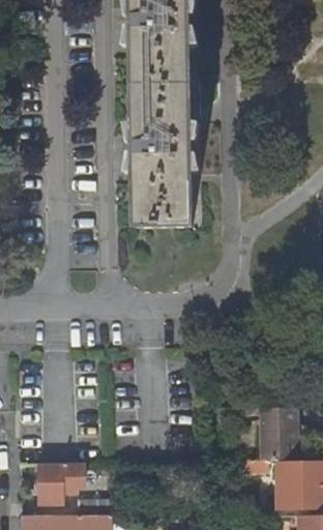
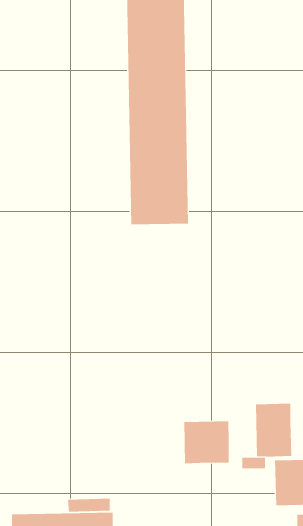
building: none -> [184,421,229,464]
building: [37,464,82,503] -> none

